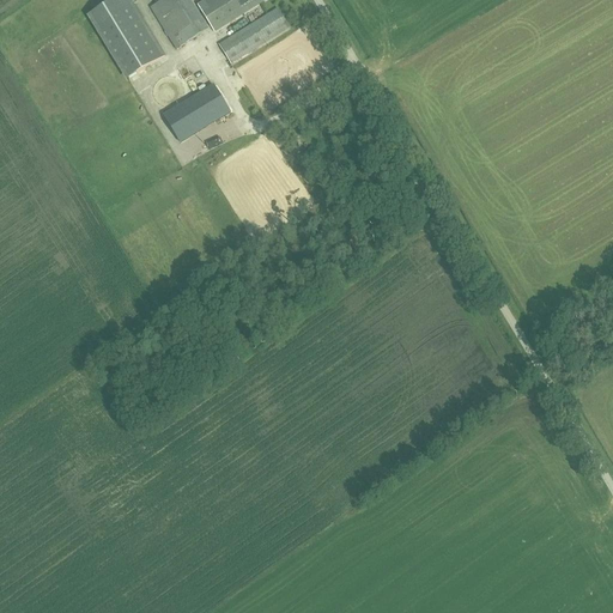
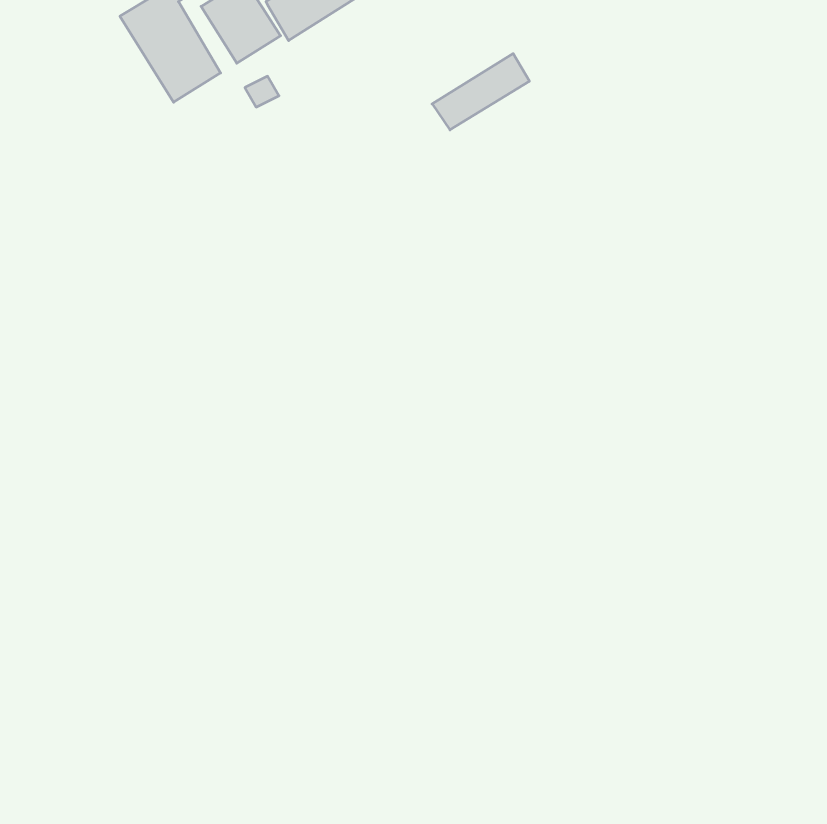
building: [217,5,289,61] -> [432,54,529,130]
building: [162,81,229,139] -> none

